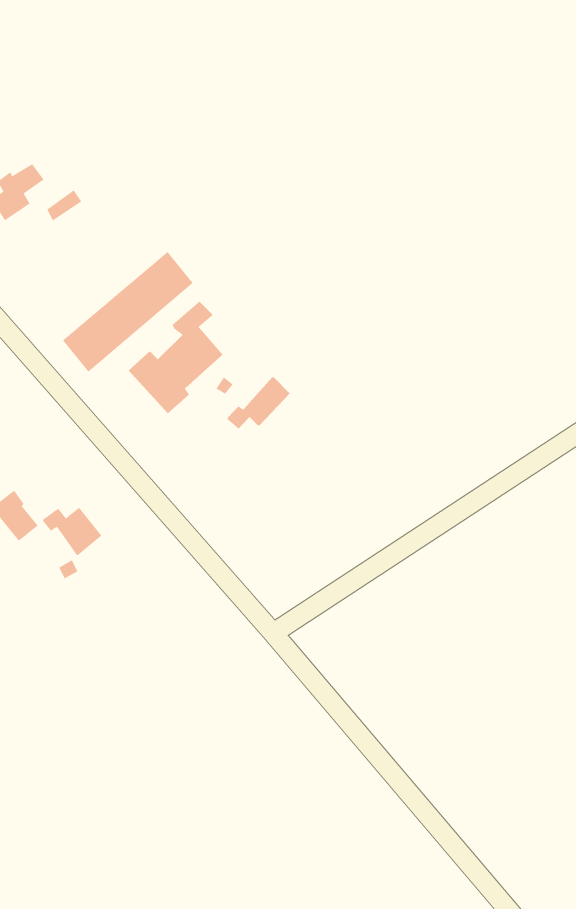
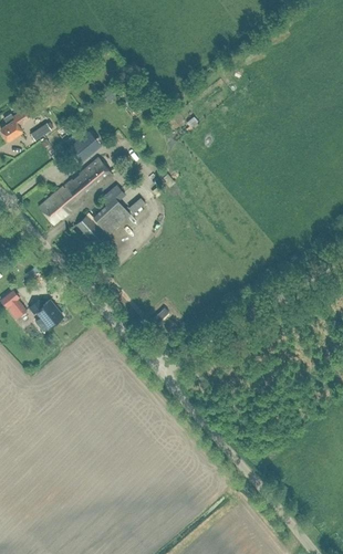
building: none -> [67,129,101,161]
building: [227,376,291,429] -> none

